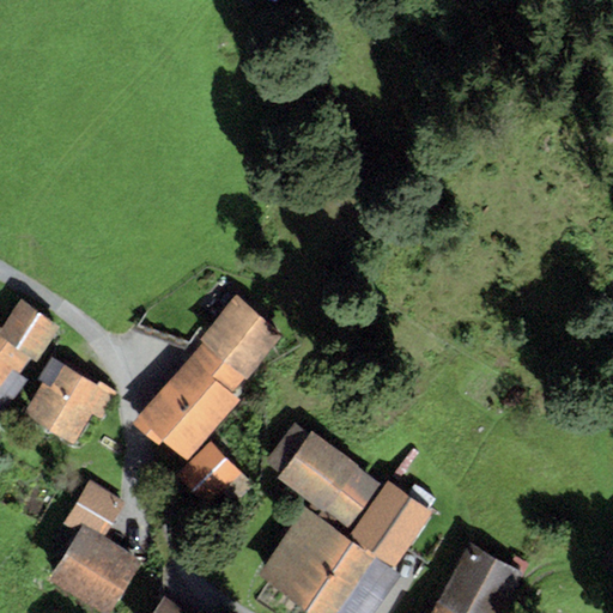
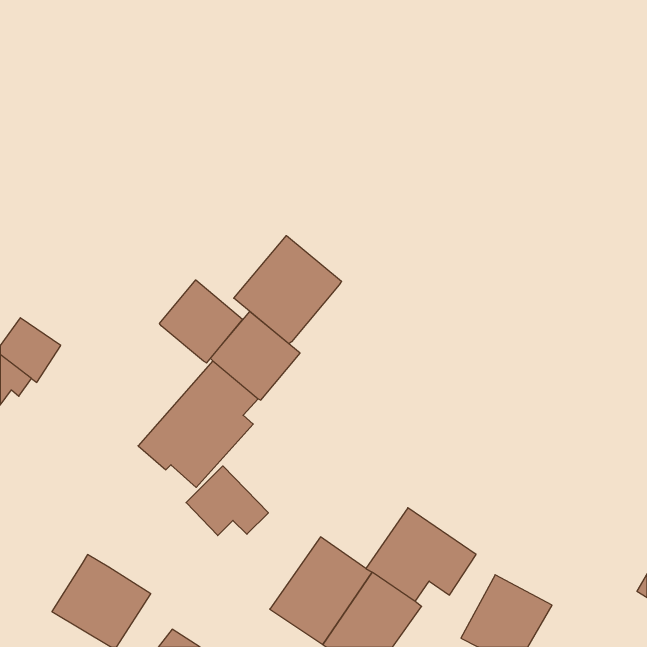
building: none -> [234,236,342,344]
building: none -> [160,280,243,363]
building: [23,357,117,444] -> none
building: [265,423,381,529] -> none
building: [62,480,125,536] -> none

